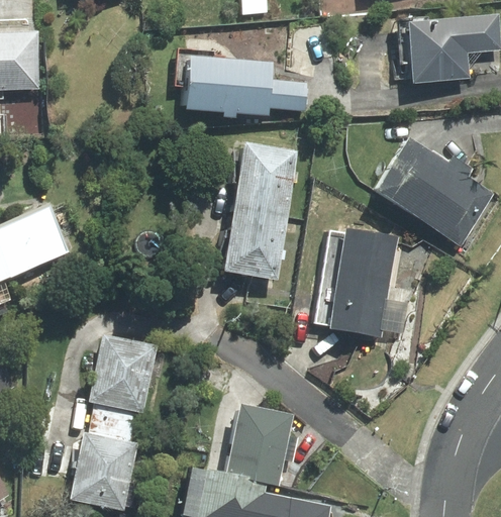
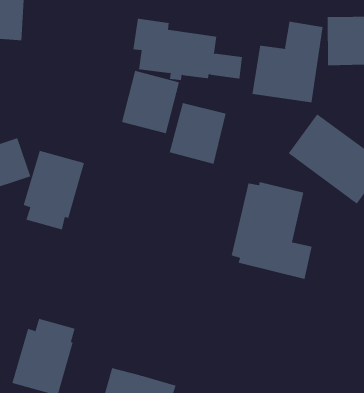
building: none -> [252,21,323,103]
building: [221,205,287,278] -> [121,70,180,134]
building: [89,333,159,426] -> [23,150,85,230]
building: [223,404,301,485] -> none

